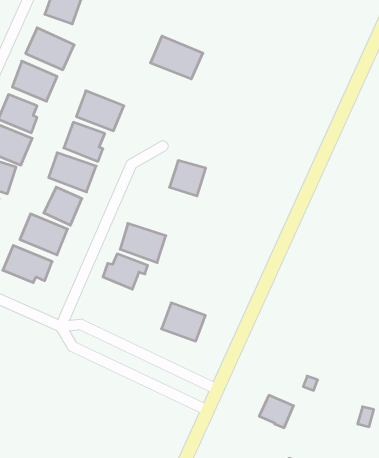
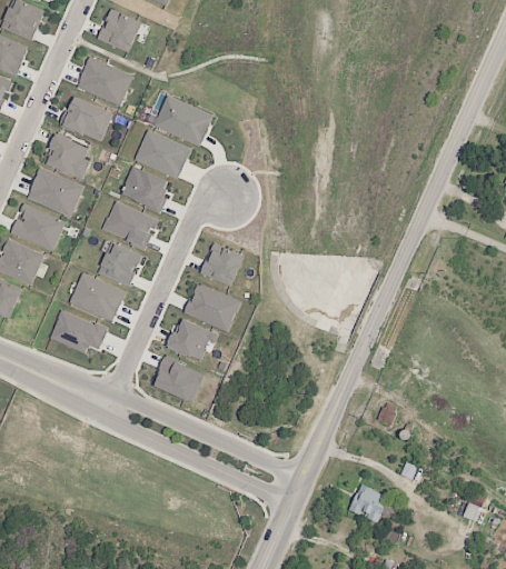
building: [150,36,203,79] -> [152,96,214,146]
building: [169,161,206,196] -> [200,244,242,286]
building: [161,303,205,341] -> [152,358,204,402]

